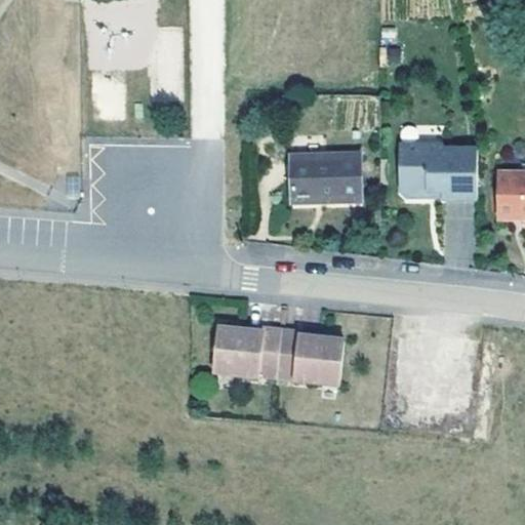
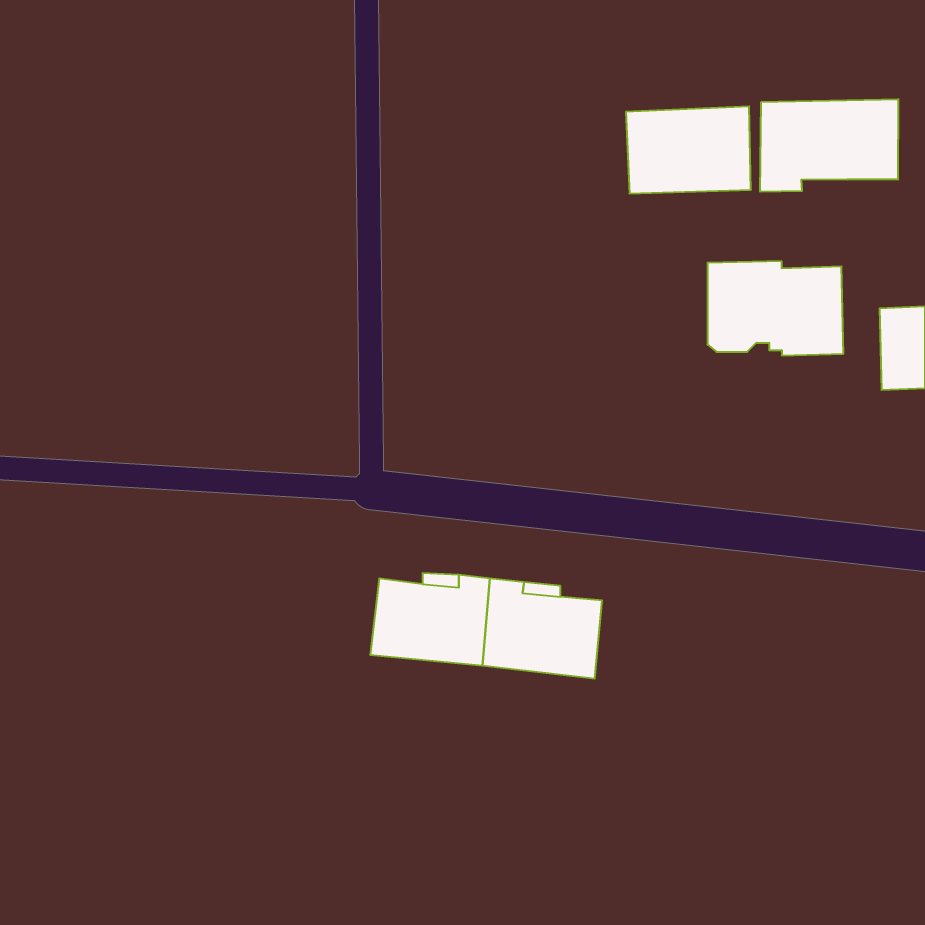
building: none -> [760,99,898,192]
building: [290,153,361,202] -> [626,106,751,193]

